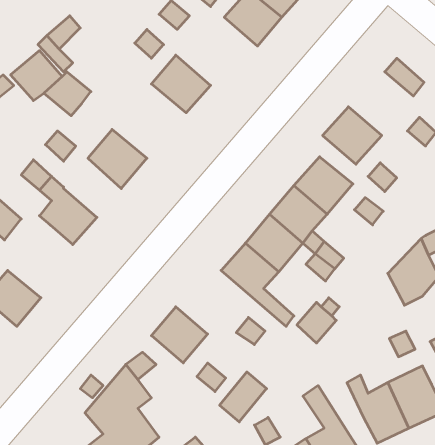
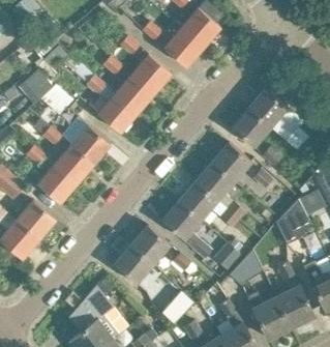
building: none -> [130,54,171,94]
building: none -> [86,75,138,133]
building: none -> [248,88,288,128]
building: none -> [54,144,93,184]
building: none -> [16,201,56,239]
building: none -> [130,226,169,264]
building: none -> [229,250,263,285]

